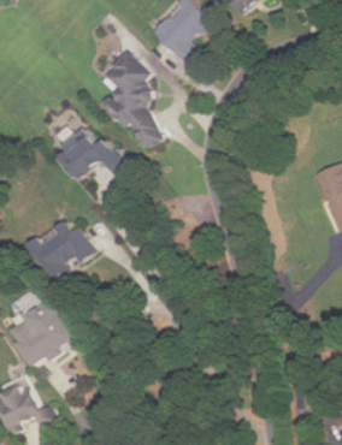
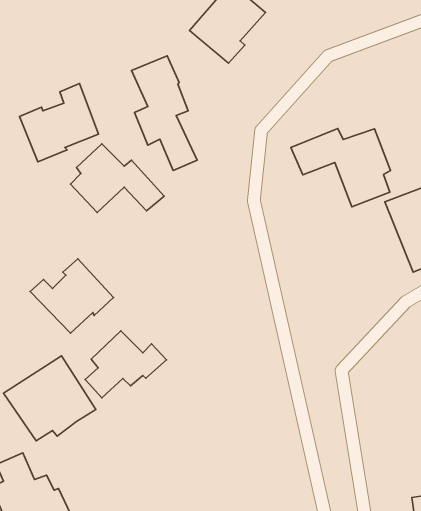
building: none -> [19,84,99,162]
building: none -> [291,128,390,207]
building: none -> [85,331,166,398]

